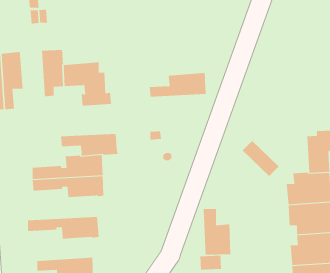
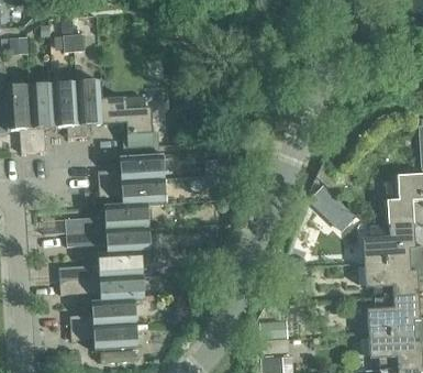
building: none -> [53,81,80,136]
building: [149,73,206,97] -> [98,153,165,182]
building: none -> [59,251,143,279]
building: [203,208,231,256] -> none
building: none -> [70,299,137,327]

